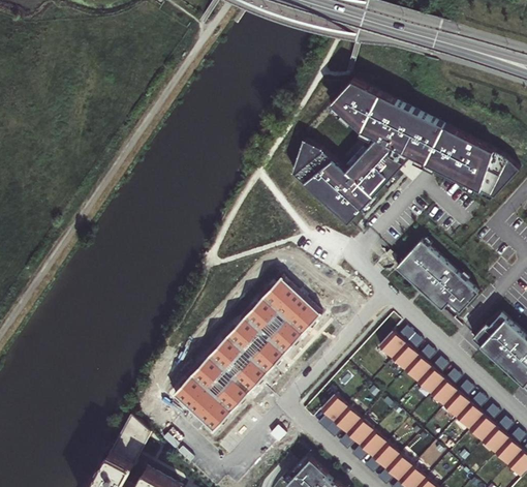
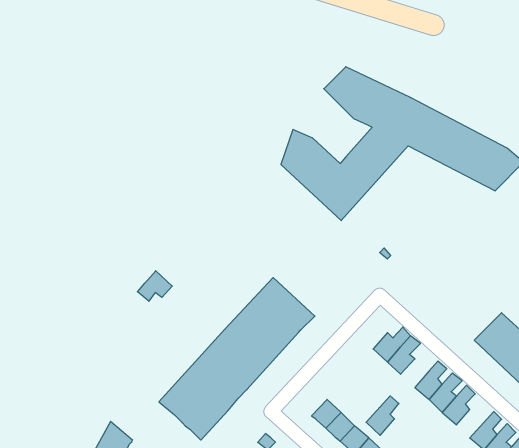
building: [395,240,477,316] -> none
building: none -> [137,271,172,301]
building: [403,345,434,383] -> [366,396,399,435]
building: [456,393,486,430] -> none

